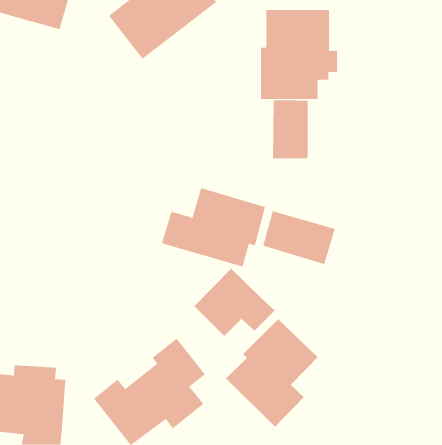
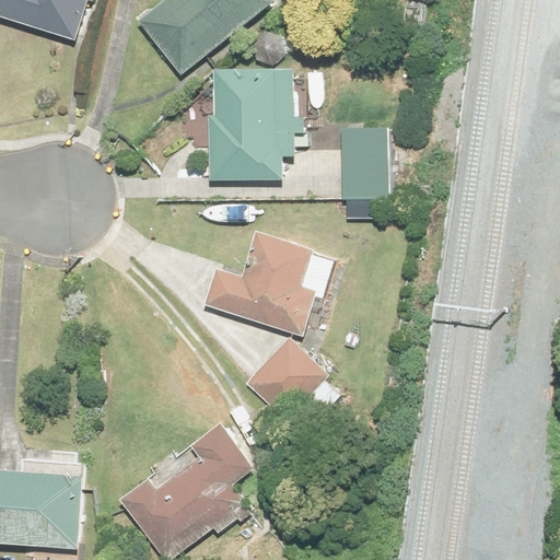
building: [260,10,338,99] -> [209,67,306,179]
building: [263,211,335,265] -> none
building: [225,318,318,427] -> none

